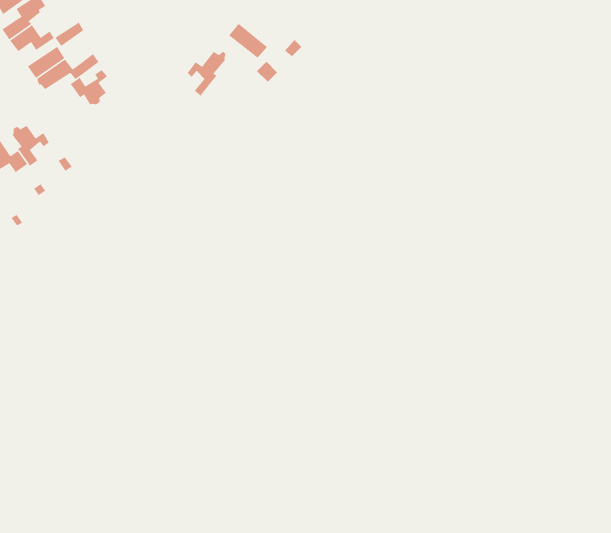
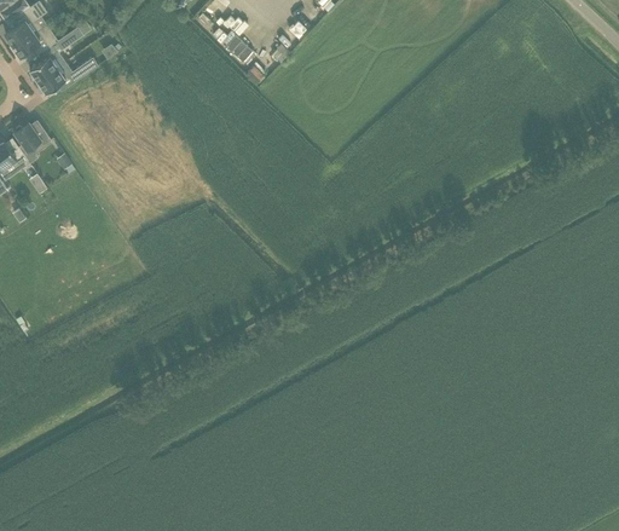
building: [187,51,226,97] -> none
building: [70,69,108,105] -> none

